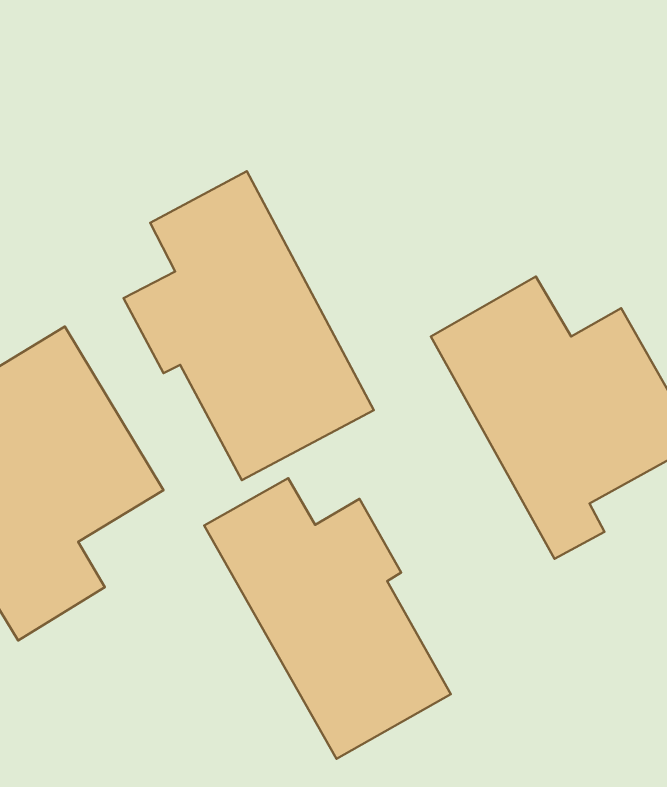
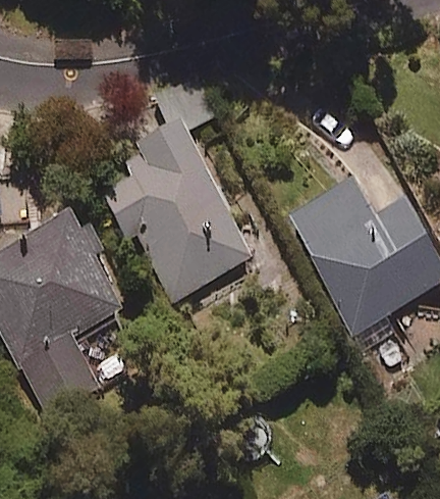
building: [204,478,451,759] -> none

